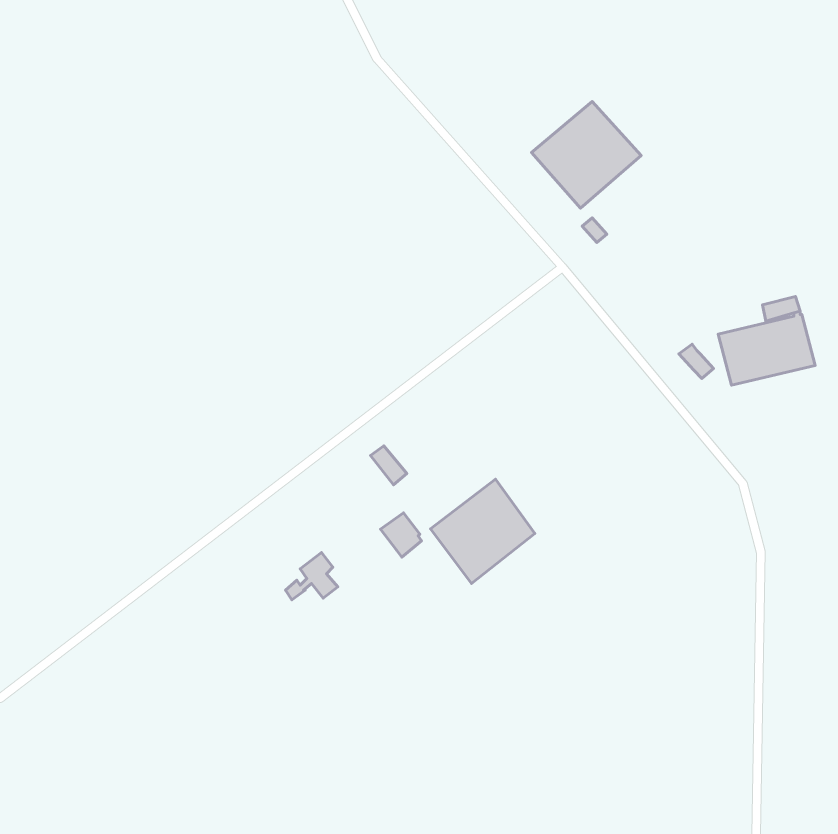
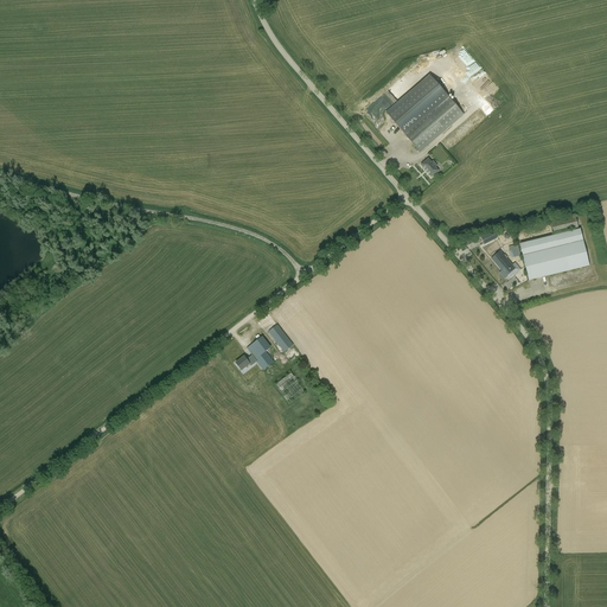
building: [430,479,535,584] -> none
building: [285,552,338,600] -> [236,334,274,369]

